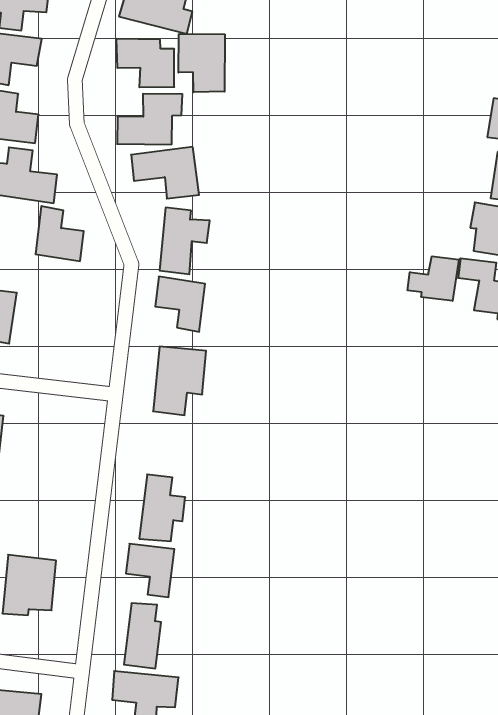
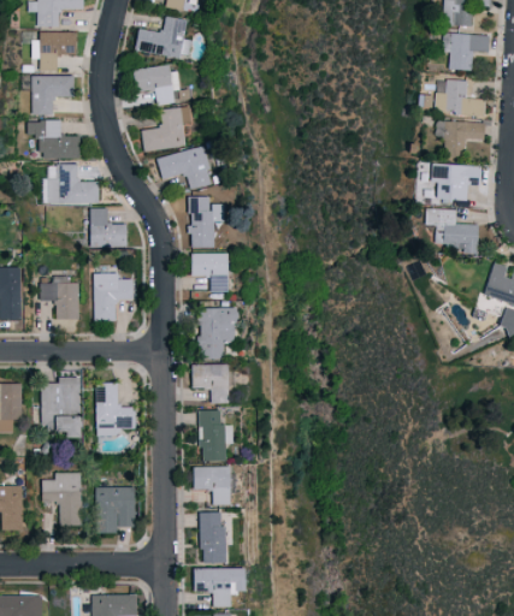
building: [178,34,225,92] -> none
building: [408,256,459,301] -> none
building: none -> [95,273,134,321]
building: none -> [191,365,229,403]
building: none -> [98,383,137,436]

